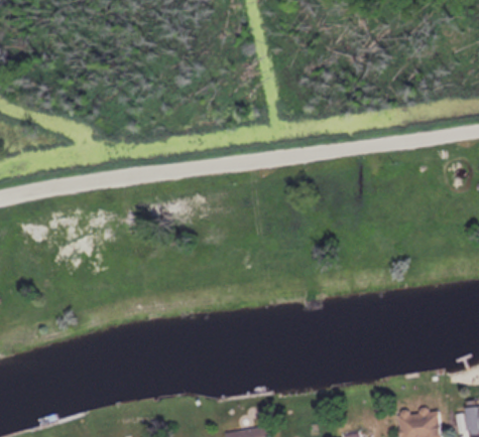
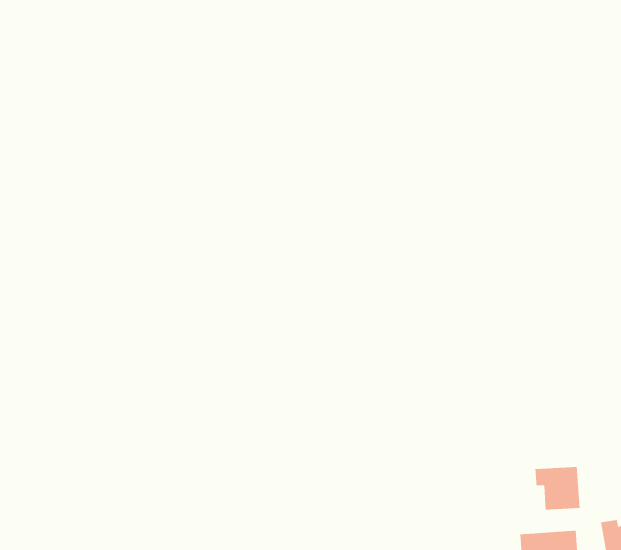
building: none -> [535,466,580,511]

